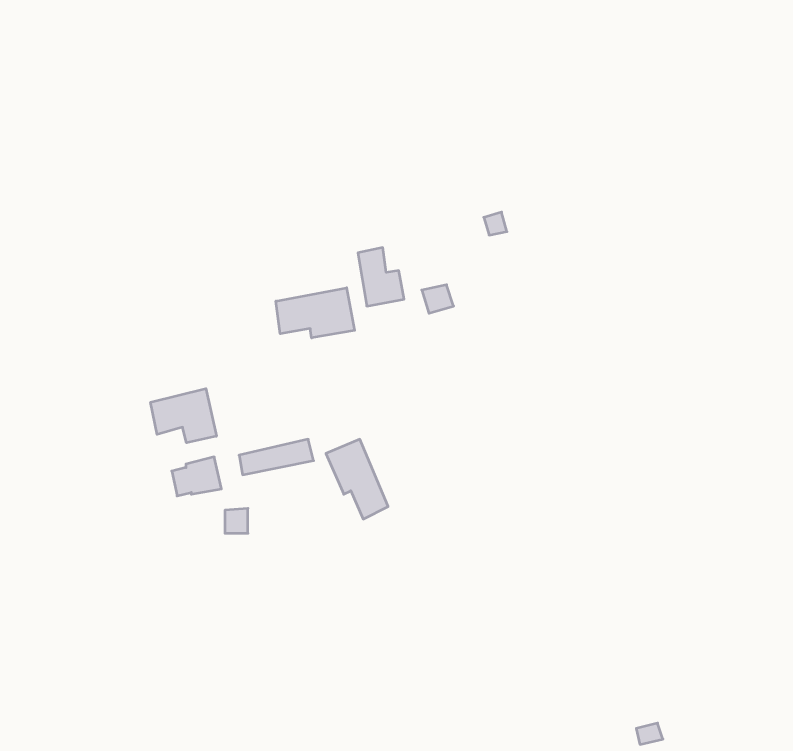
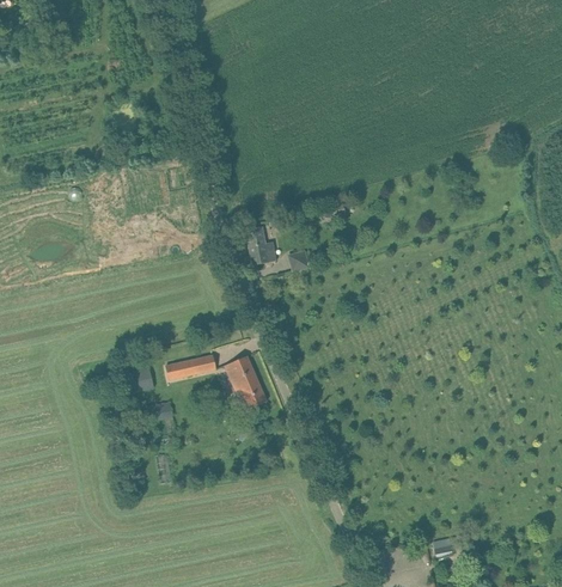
building: [276,288,355,338] -> none
building: [151,389,216,443] -> none

